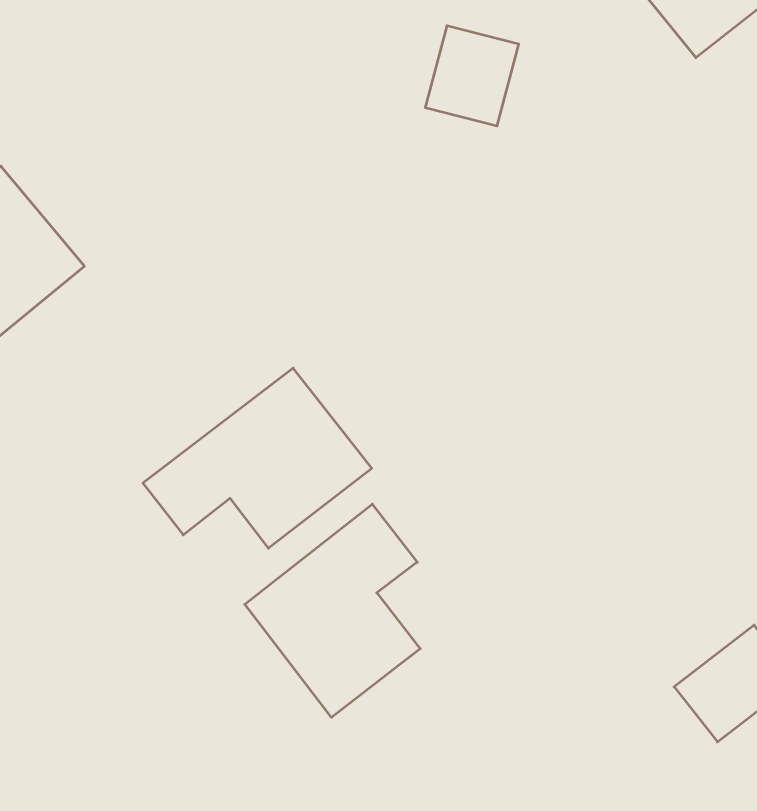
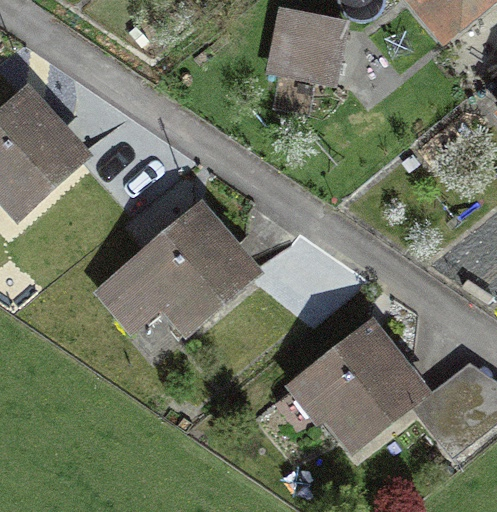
building: [245,504,420,717] -> none
building: none -> [304,335,412,441]

